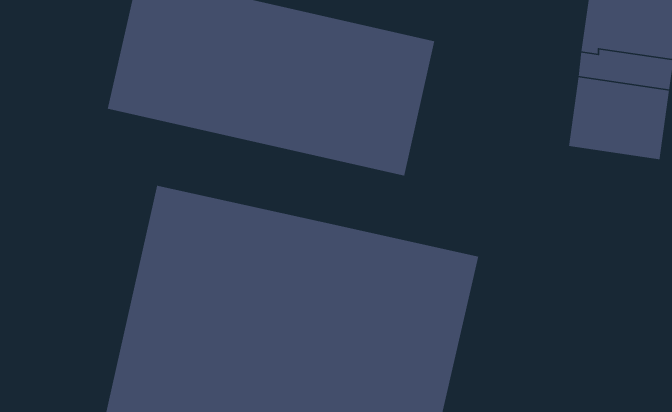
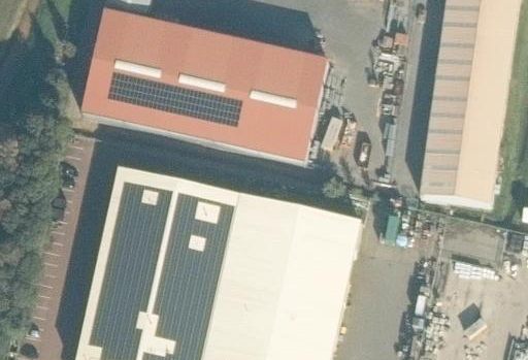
building: none -> [420,139,497,203]

